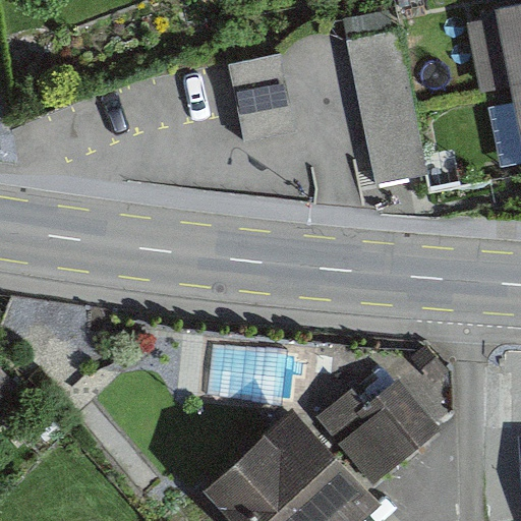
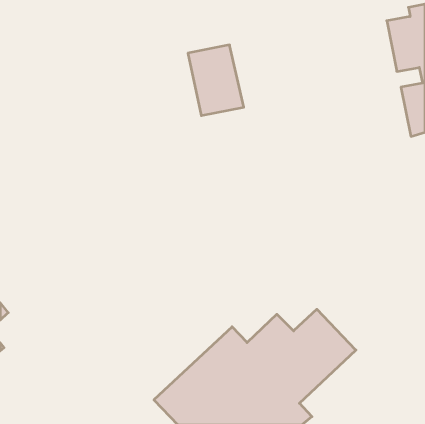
building: [348,31,427,186] -> none

